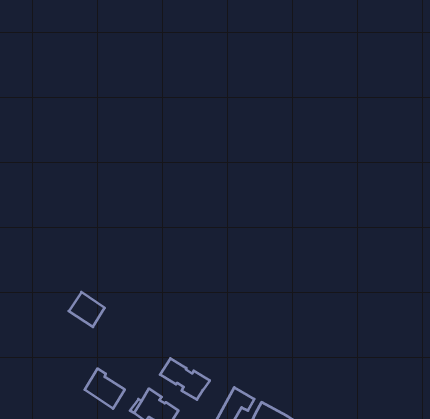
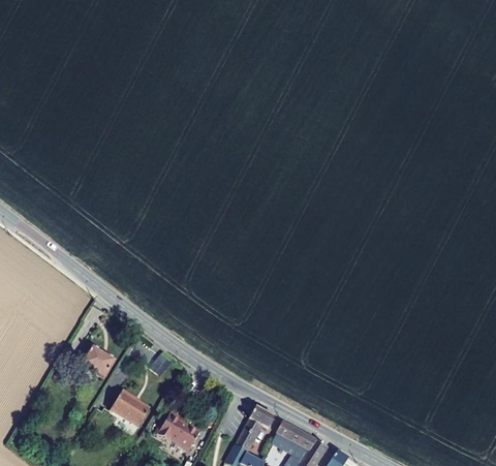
building: [69,292,105,327] -> [80,345,115,379]
building: [160,358,210,400] -> none

